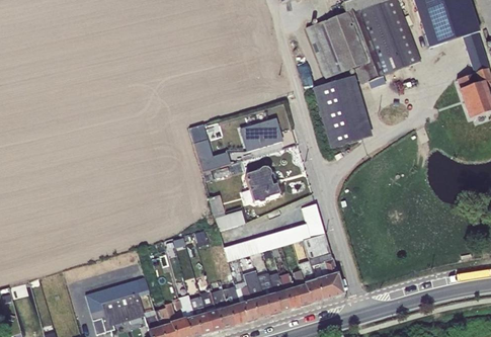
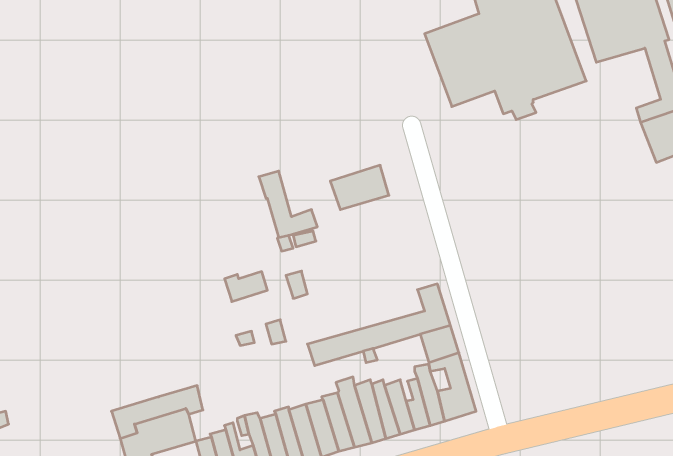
building: [313,75,372,148] -> none
building: [242,167,279,202] -> none
building: [215,208,245,230] -> [225,272,267,302]

